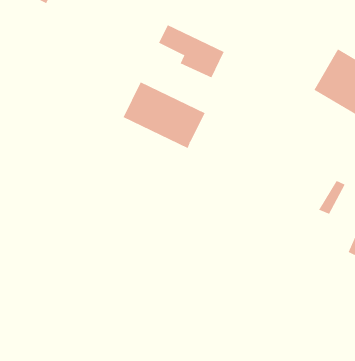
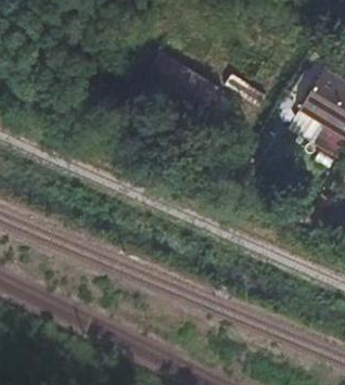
building: [123,81,206,149] -> none

